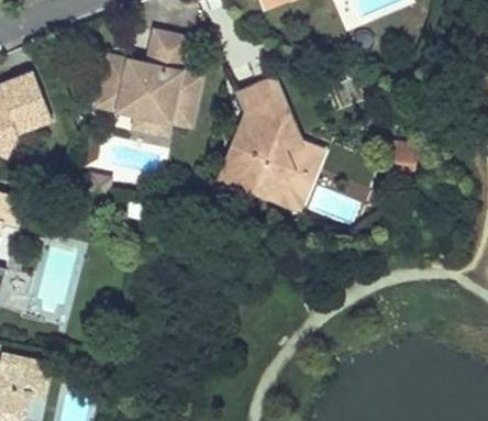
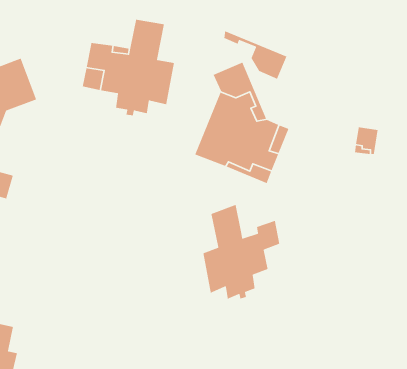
building: none -> [224,30,287,80]
building: none -> [202,204,280,300]

